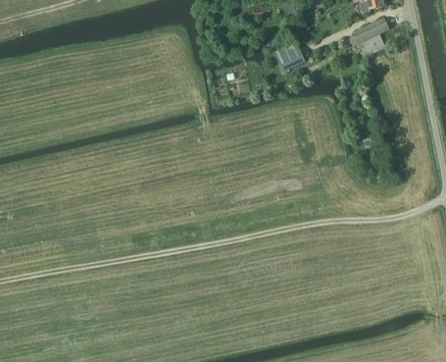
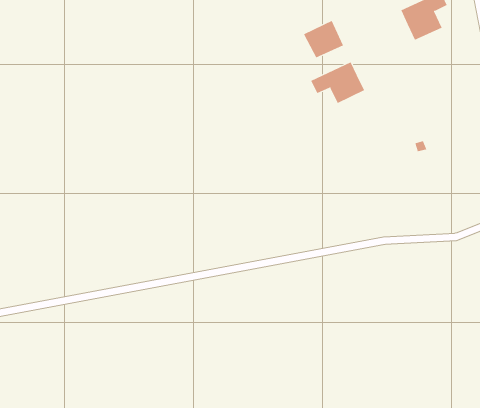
building: none -> [311,62,365,104]

